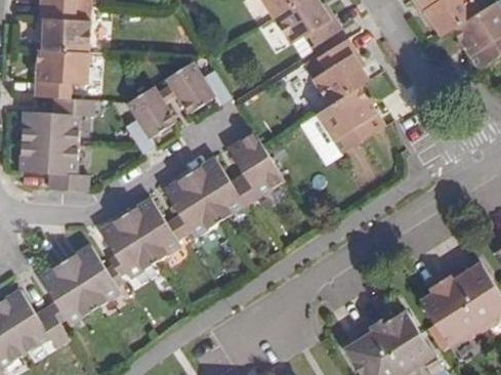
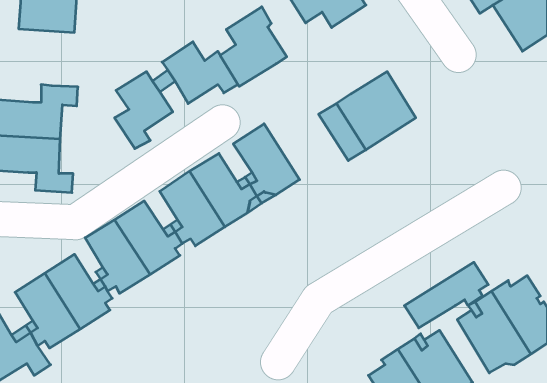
building: [312,37,370,106] -> [220,7,287,86]
building: [35,49,90,98] -> none
building: none -> [404,262,488,328]

